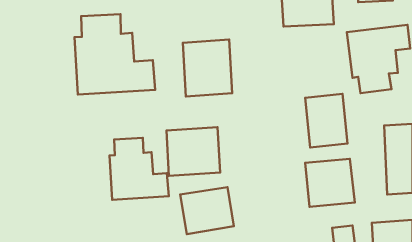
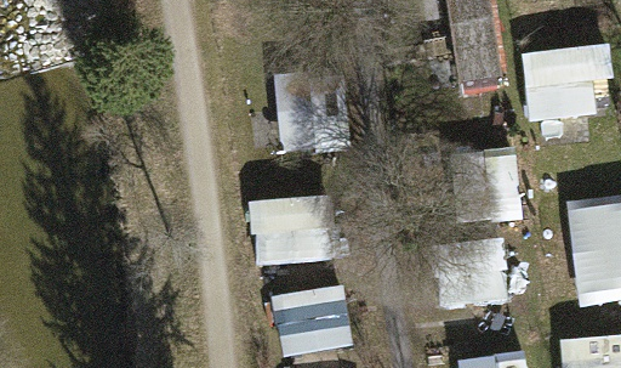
building: [75,14,155,94] -> none
building: [109,138,169,200] -> none

